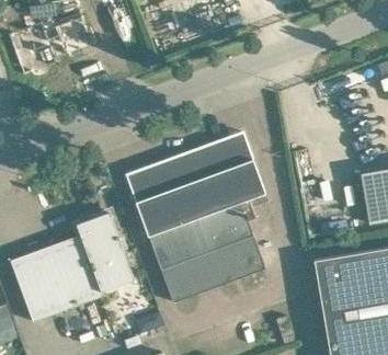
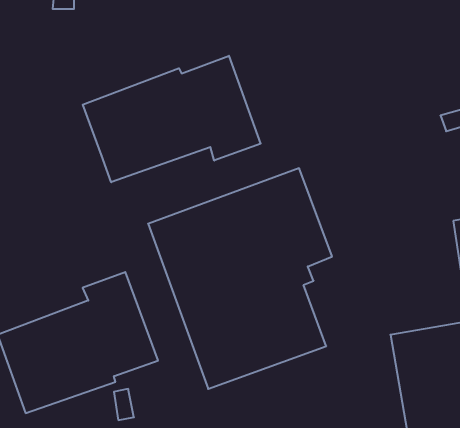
building: none -> [83,56,261,182]

